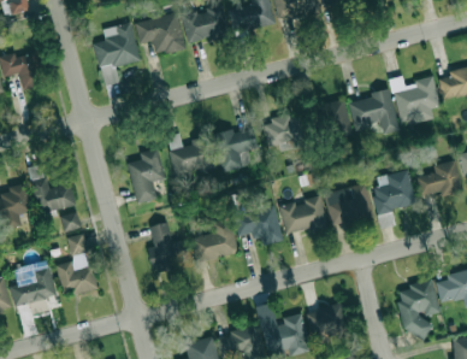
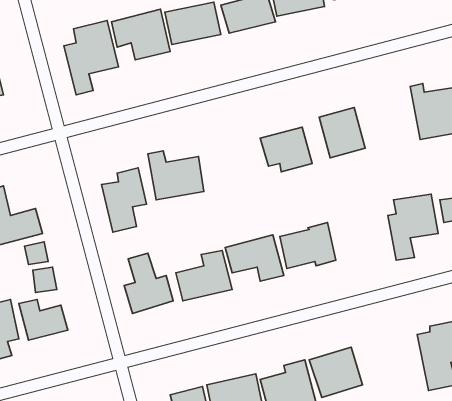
building: [349,88,398,135] -> none
building: [213,129,256,172] -> none
building: [324,183,373,226] -> none

